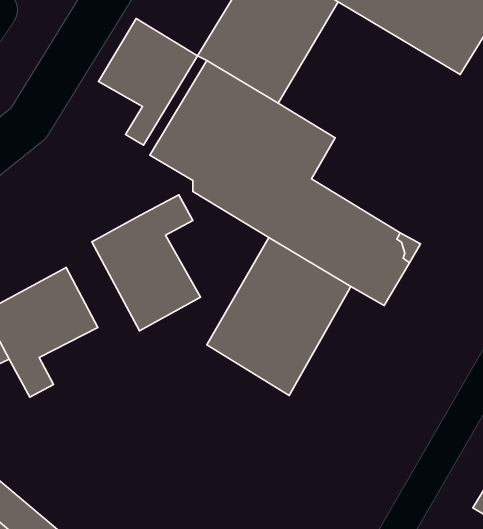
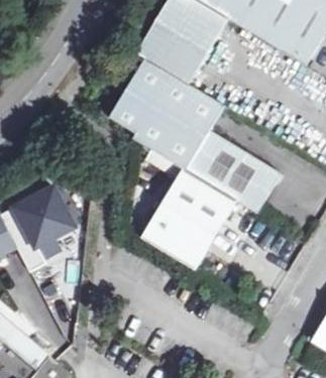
building: [98,19,197,145] -> none
building: [92,195,200,331] -> none

